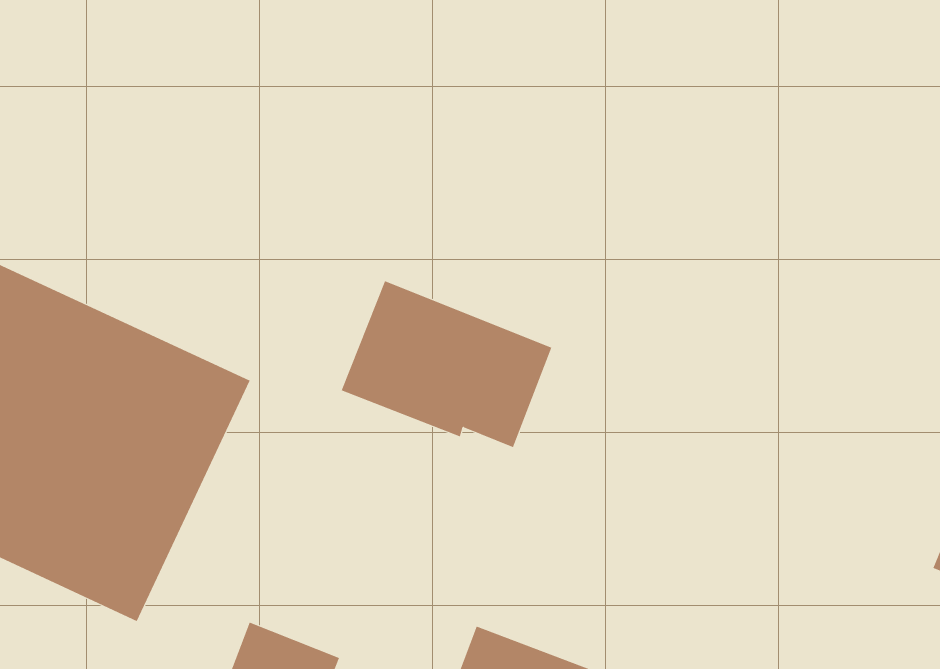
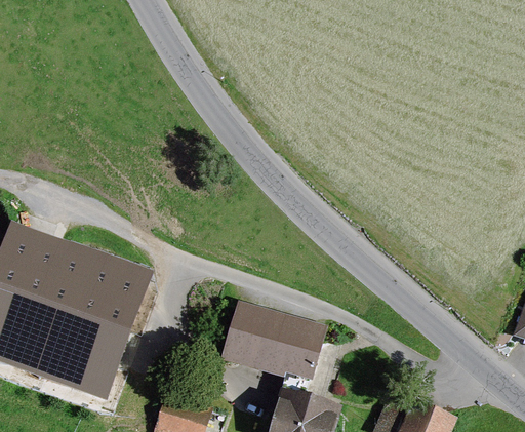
building: [341,281,552,448] -> [219,300,326,380]

